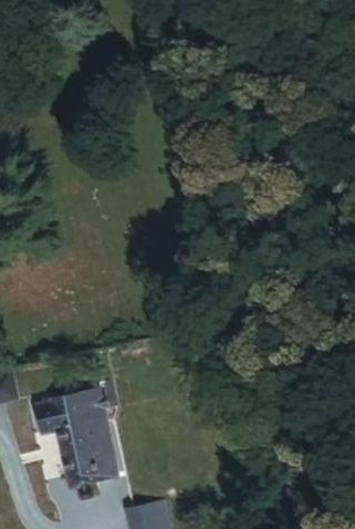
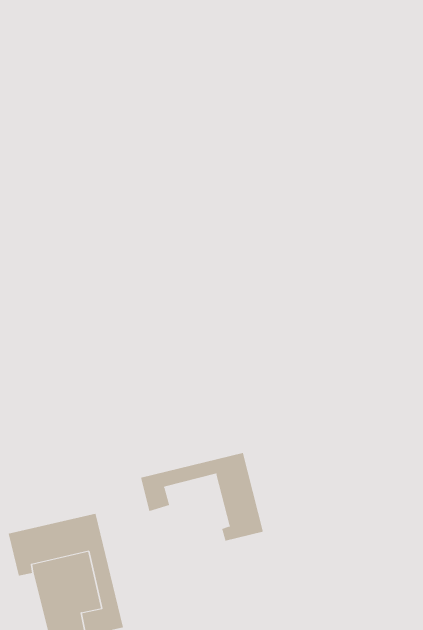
building: none -> [140,452,263,542]

